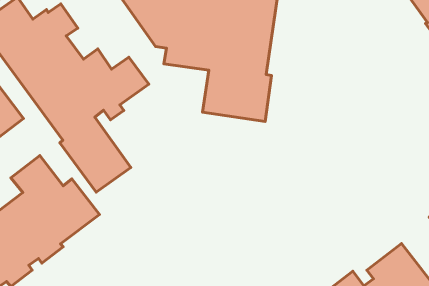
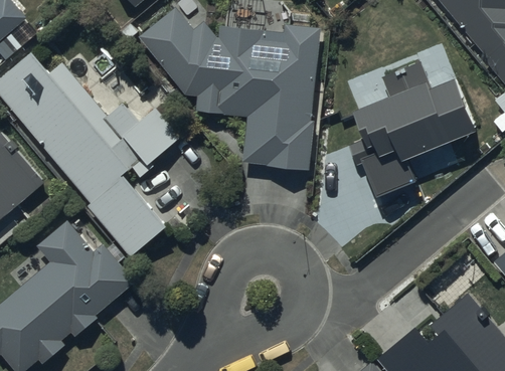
building: none -> [346,57,477,196]

